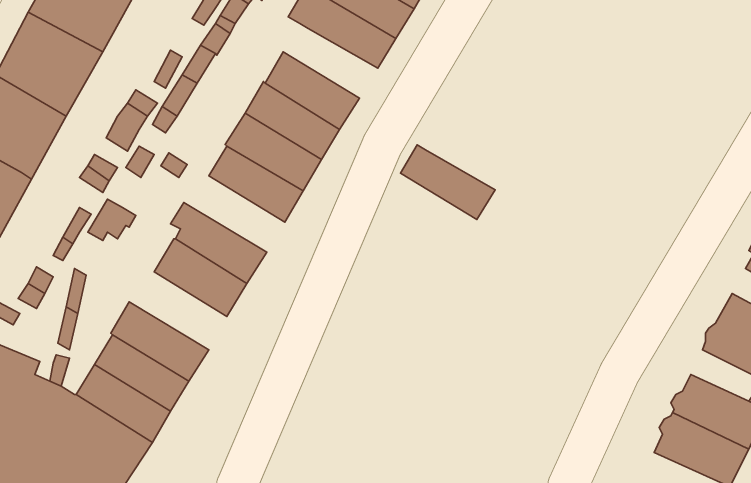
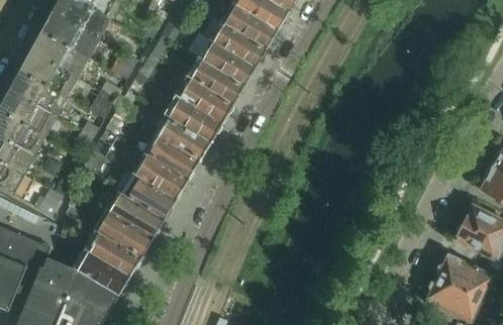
building: [401,145,495,219] -> [197,40,255,86]
building: none -> [133,133,198,180]
building: none -> [103,191,163,239]

